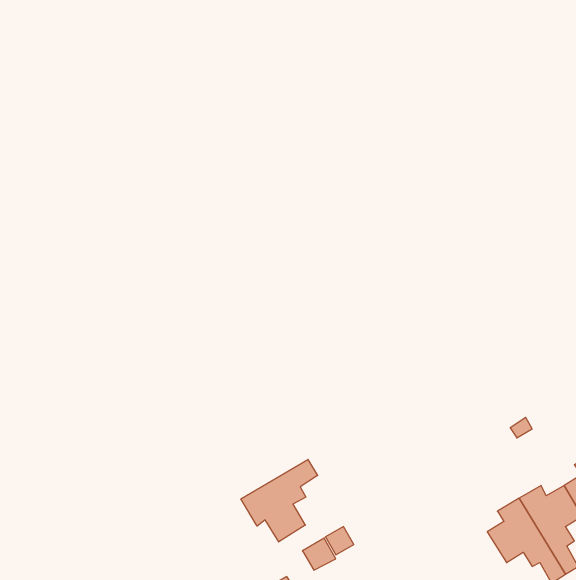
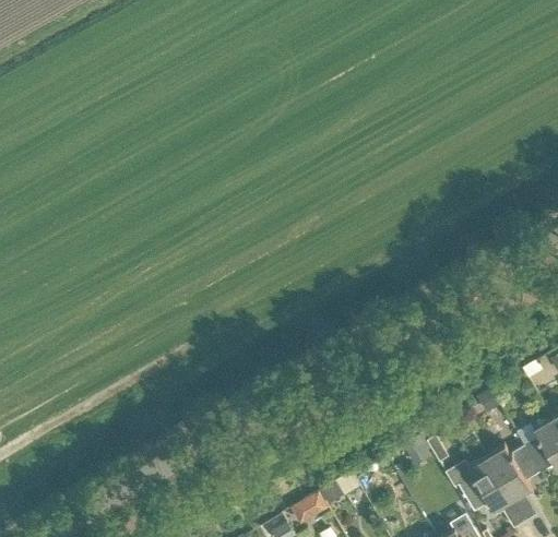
building: [241,459,318,542] -> none

